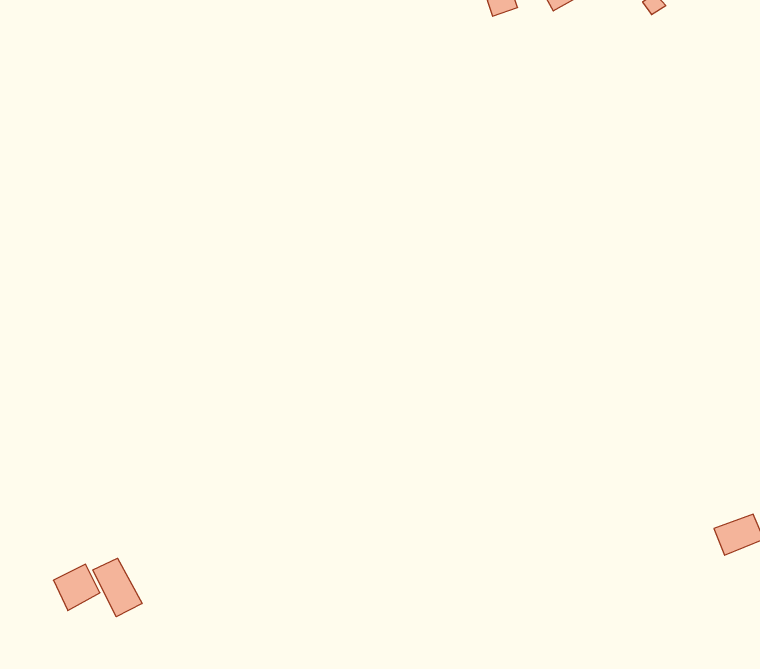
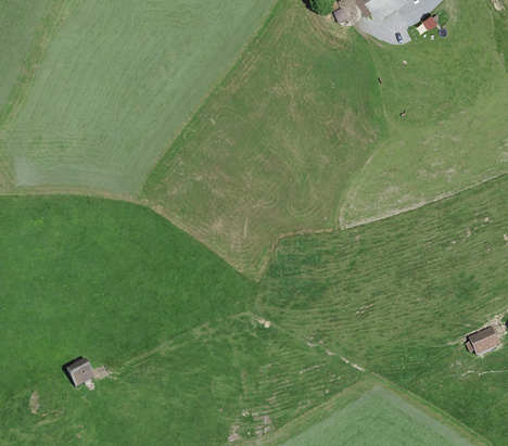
building: [93,558,142,617] -> none

